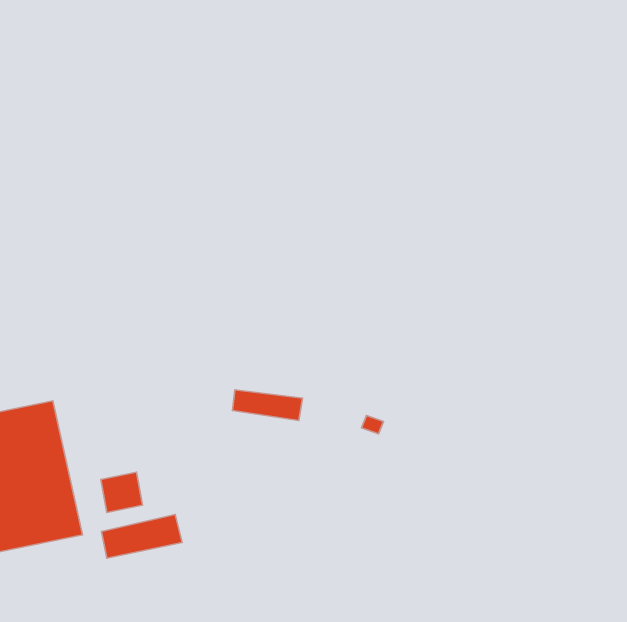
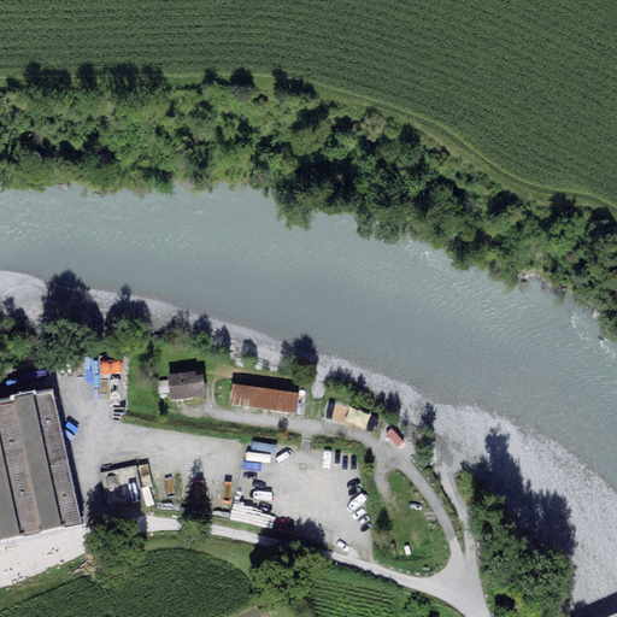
building: none -> [166,369,204,399]
building: [101,514,182,558] -> none

